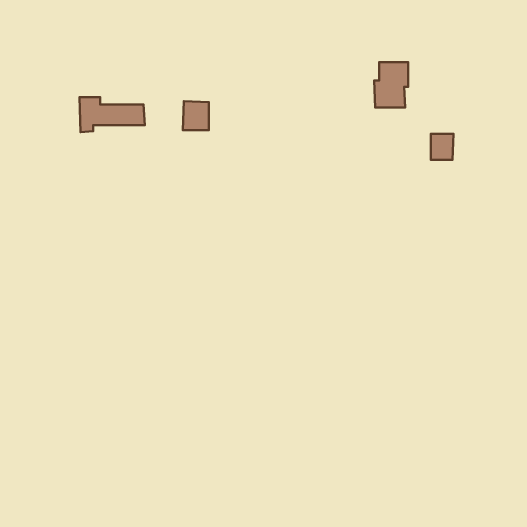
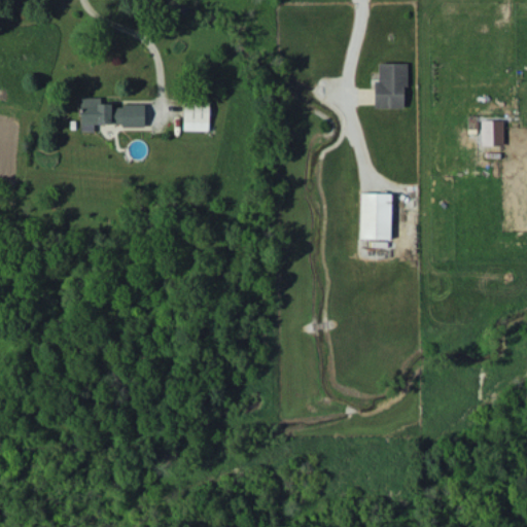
building: [431,134,453,160] -> [482,120,504,146]
building: none -> [360,194,392,240]

